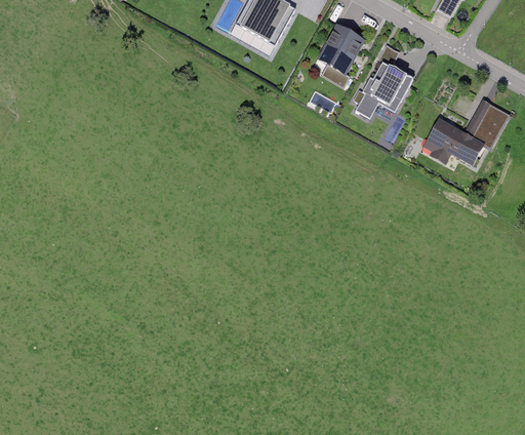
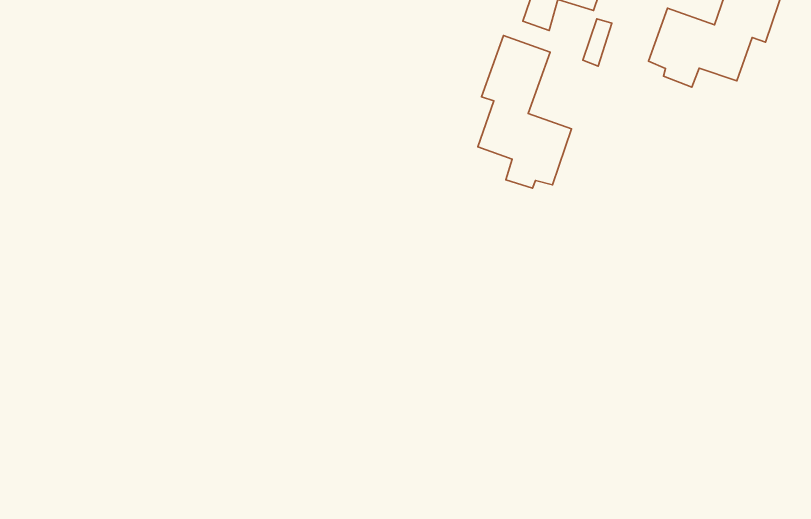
building: none -> [478,36,572,188]

